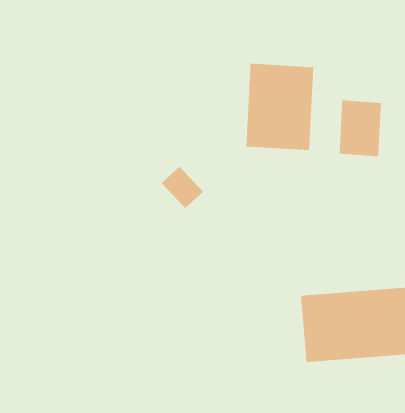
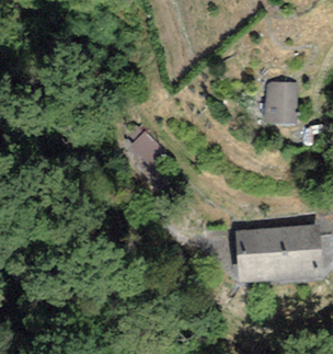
building: [245,63,314,151] -> none

